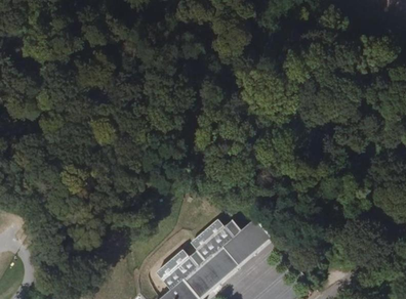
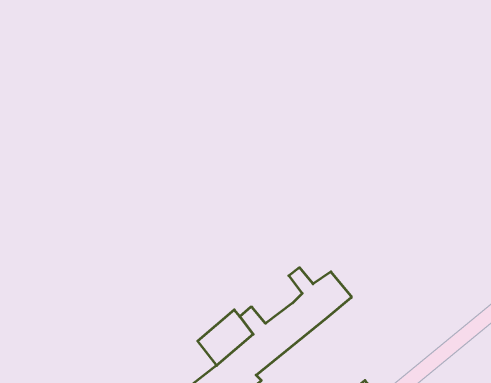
building: [197,209,243,253] -> none

